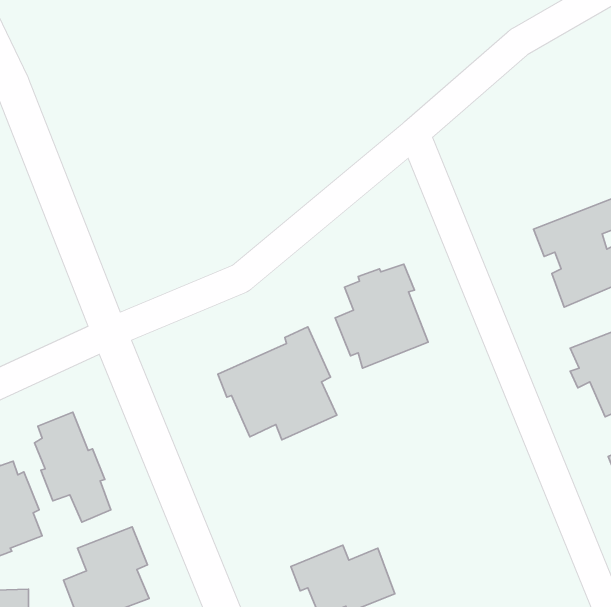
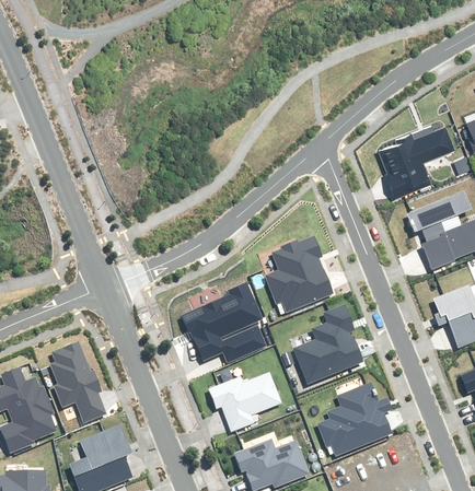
building: none -> [380,128,454,200]
building: none -> [293,305,362,384]
building: none -> [209,373,281,432]
building: none -> [317,383,392,455]

